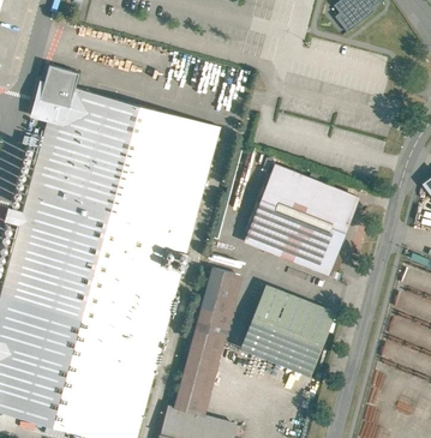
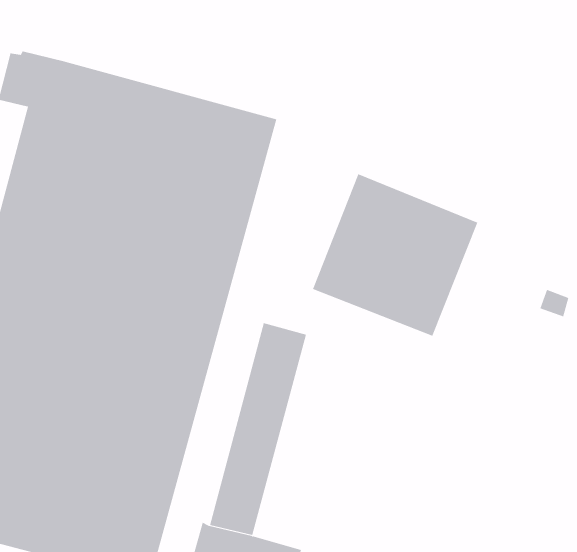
building: [44,64,79,88] -> none
building: [246,290,329,368] -> none

